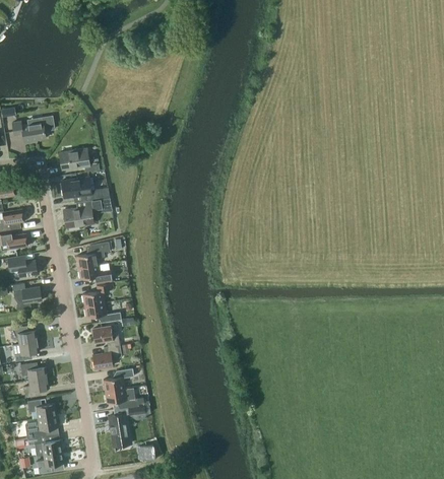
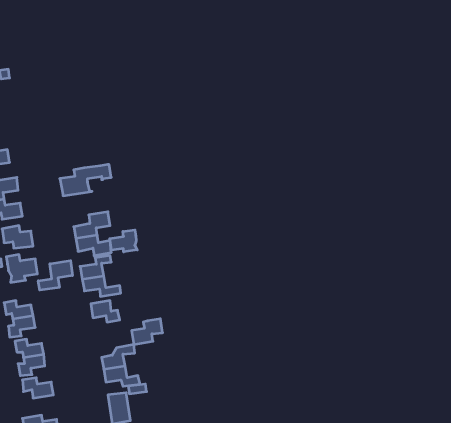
building: [12,116,54,143] -> none
building: [59,148,100,172] -> none
building: [61,177,109,200] -> none
building: none -> [110,230,137,252]
building: none -> [38,261,72,290]
building: [92,344,122,368] -> [132,319,163,345]
building: [25,415,59,437] -> none

